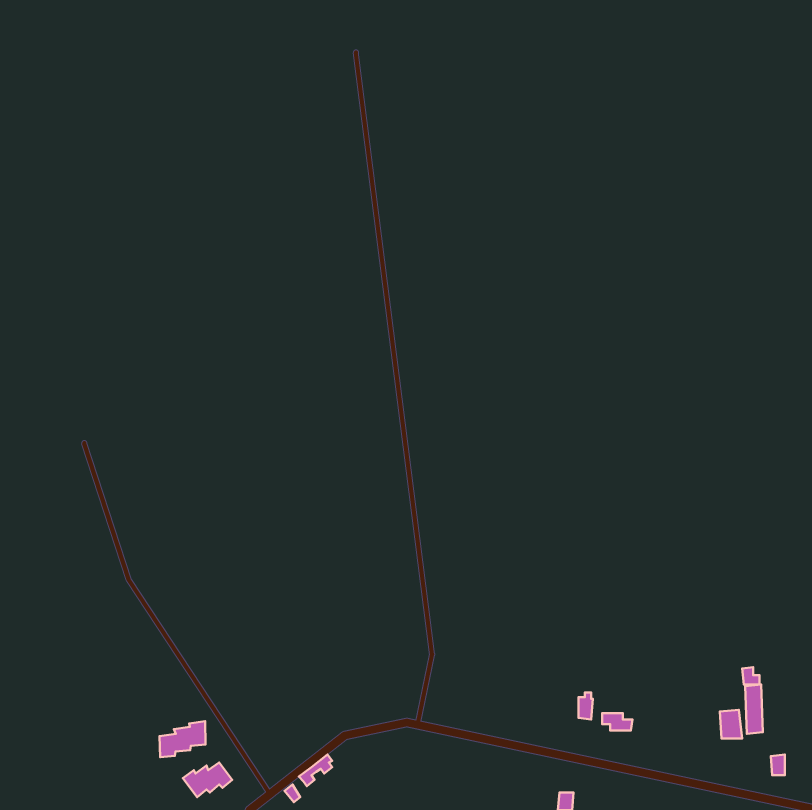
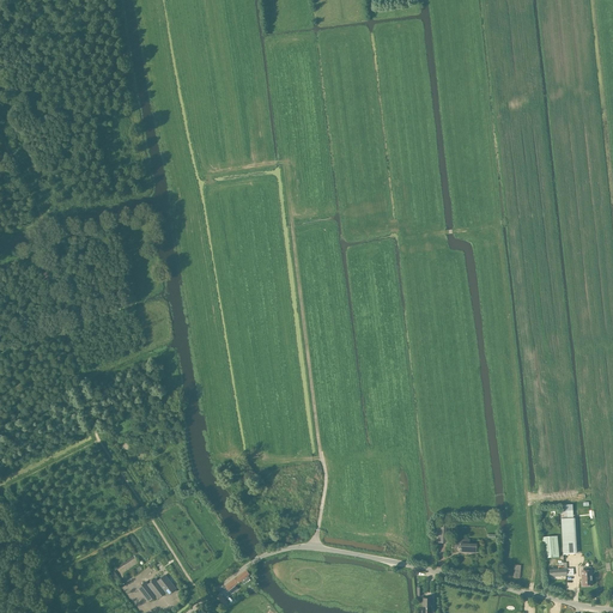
building: [160,721,205,757] -> none

